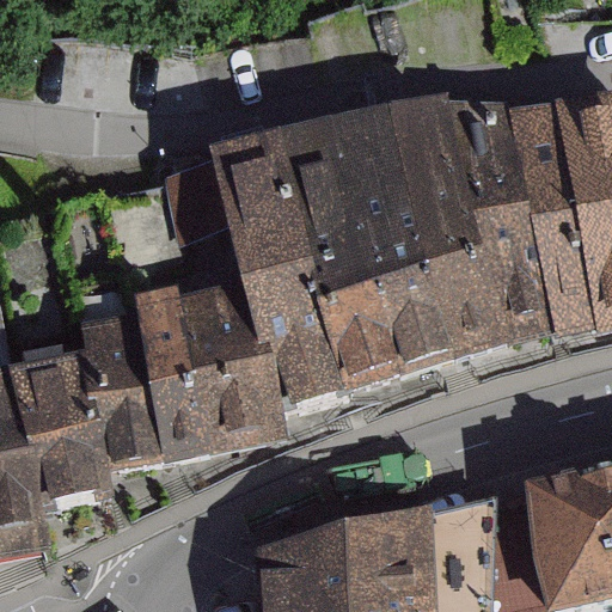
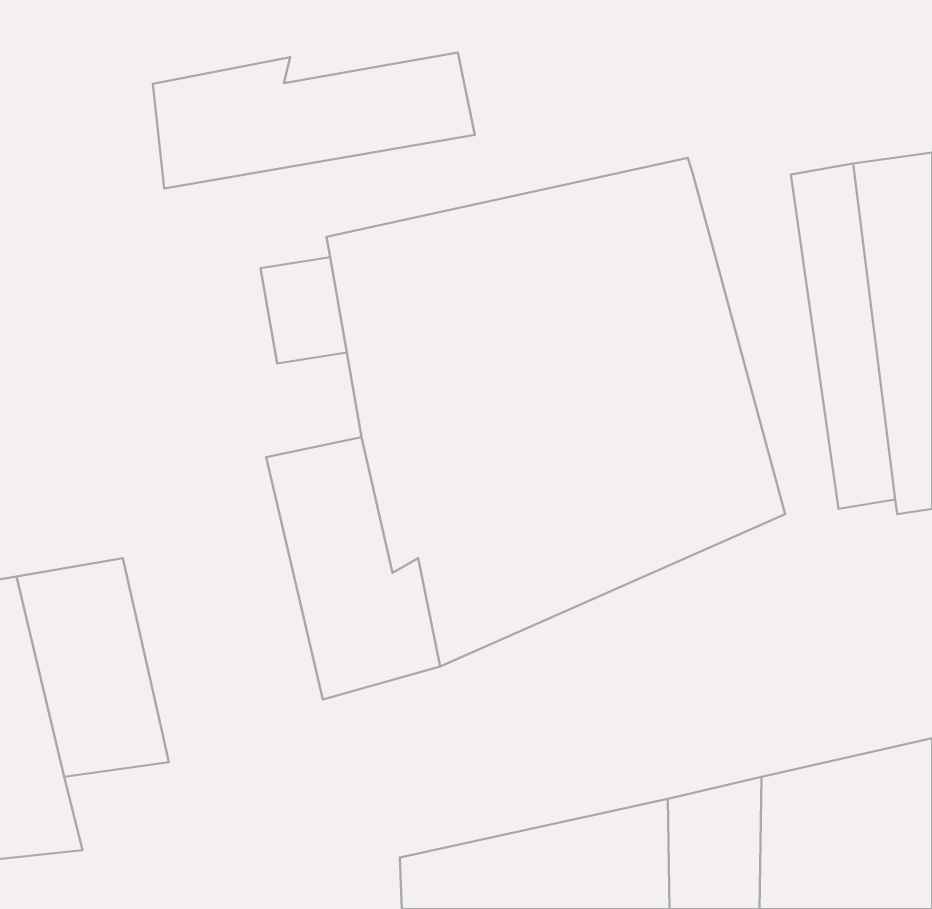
building: none -> [153,52,475,189]
building: [452,114,546,335] -> none
building: [76,298,210,475] -> none

